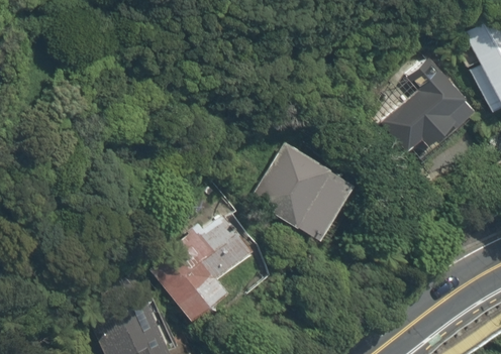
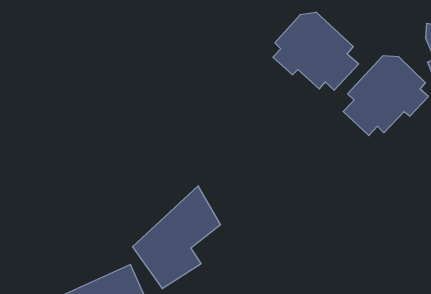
building: none -> [273,12,359,90]
building: [254,144,349,242] -> none

